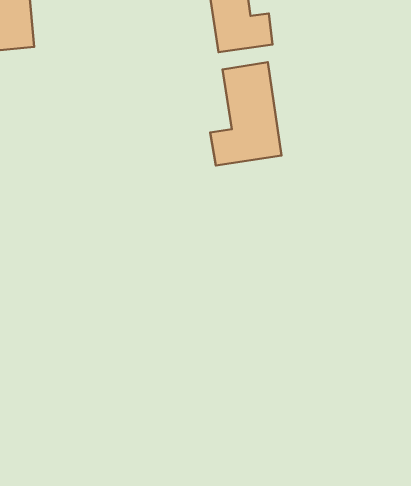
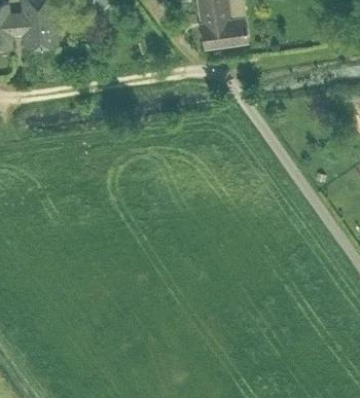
building: [210,62,282,166] -> none

